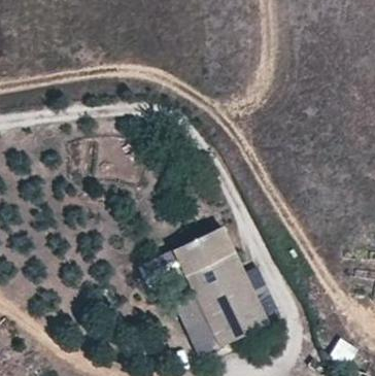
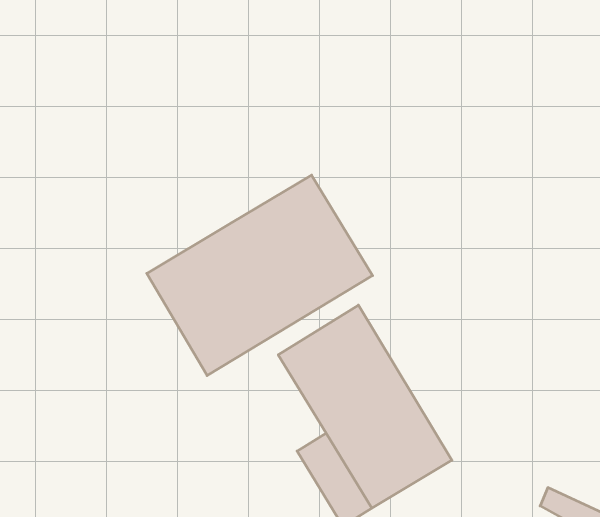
building: none -> [147,175,373,376]

